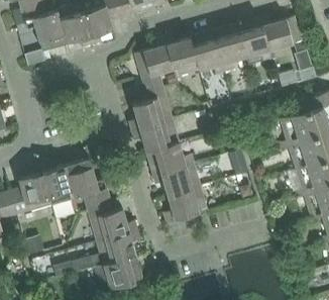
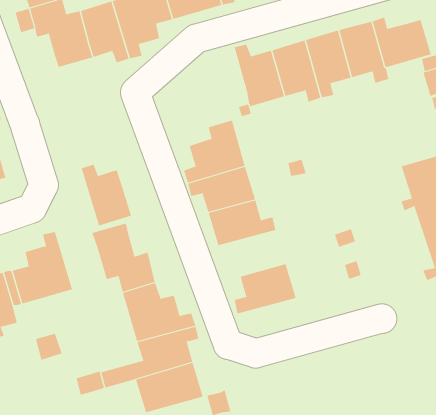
building: [134,35,173,86] -> none
building: [39,161,75,204] -> [81,164,132,226]
building: [152,163,200,195] -> none

